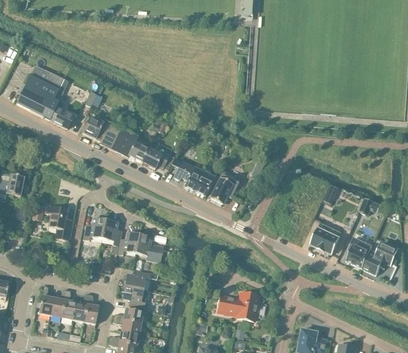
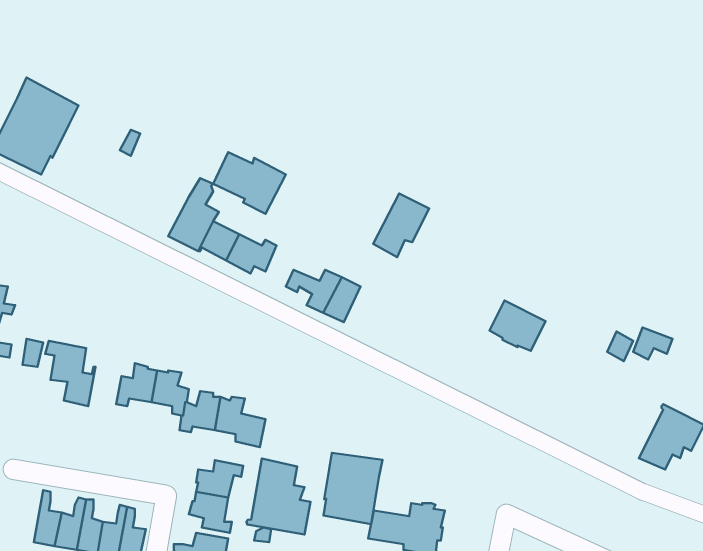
building: [43,89,74,128] -> none
building: [83,116,122,149] -> [213,152,286,214]
building: [210,170,240,204] -> [373,194,429,257]
building: [307,226,337,253] -> [490,301,546,351]
building: [346,237,376,268] -> none
building: none -> [324,453,382,524]
building: none -> [246,458,310,535]

